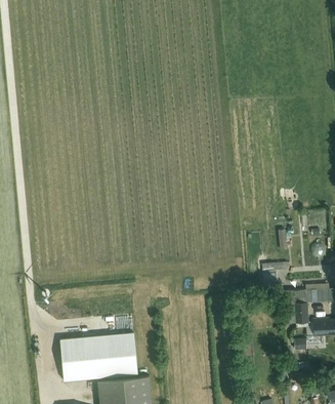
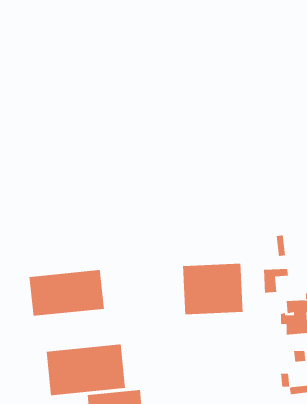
building: none -> [182,263,243,315]
building: none -> [29,269,104,317]

